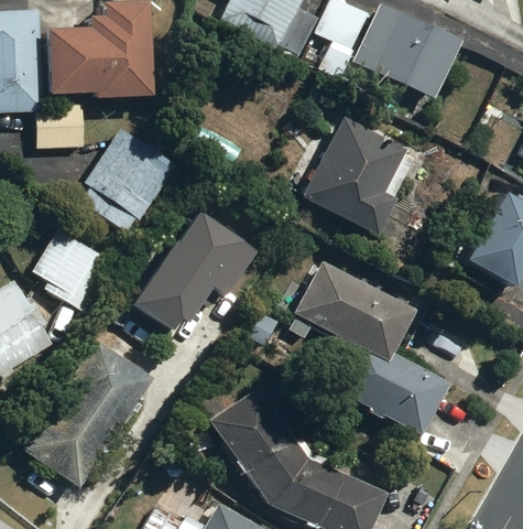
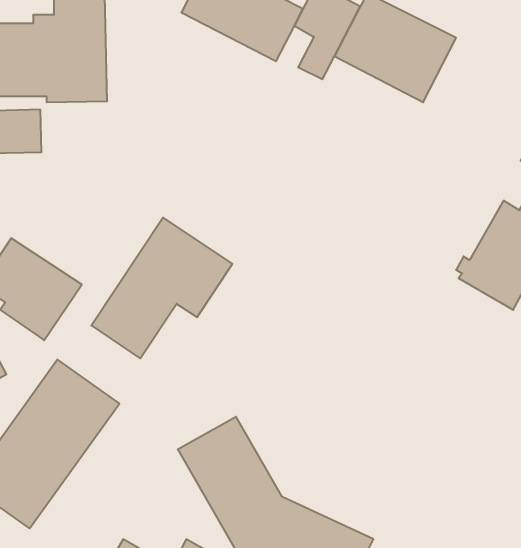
building: [301,115,418,234] -> none
building: [83,128,178,233] -> none
building: [294,258,450,436] -> none

